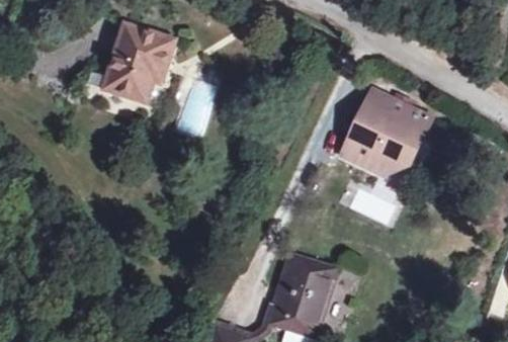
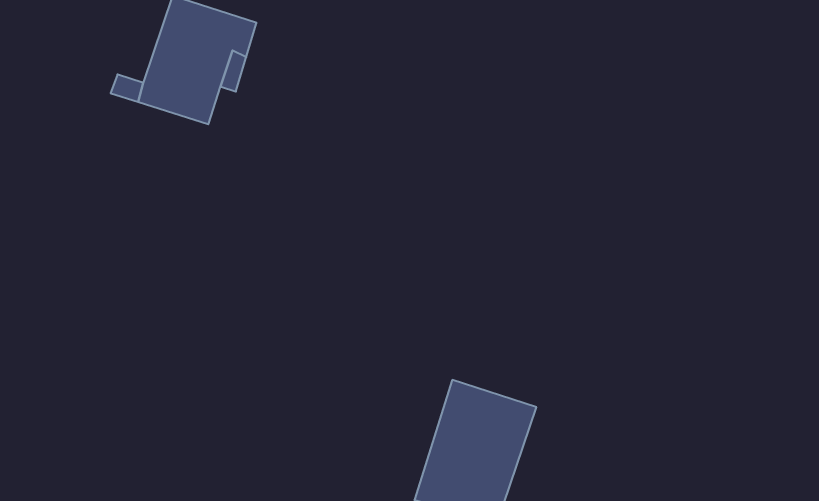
building: [343,92,433,174] -> none

